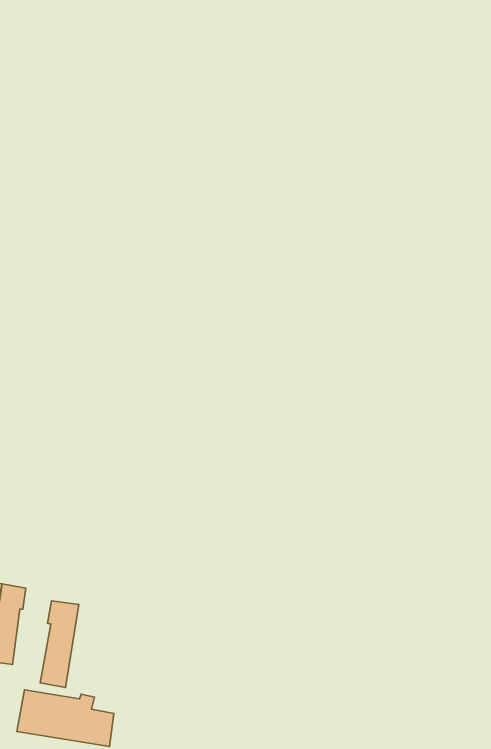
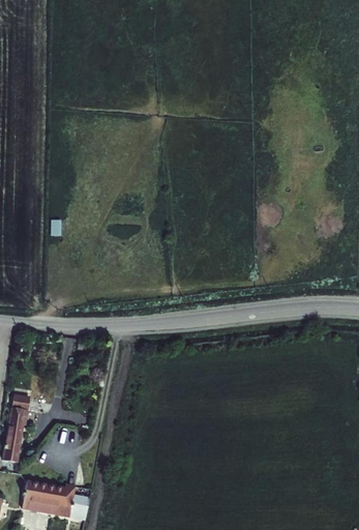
building: [40,601,79,688] -> none

